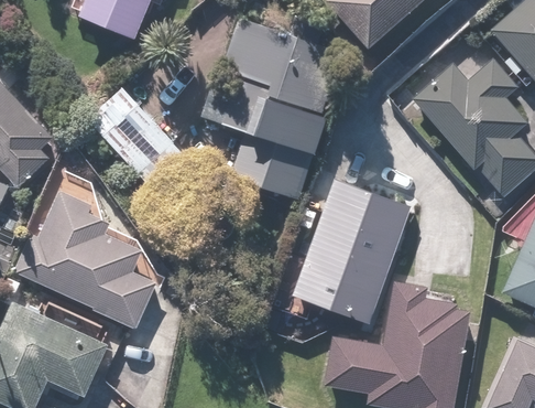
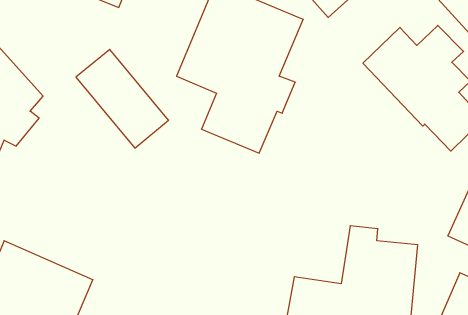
building: [293,170,413,322] -> none
building: [12,187,161,330] -> none

